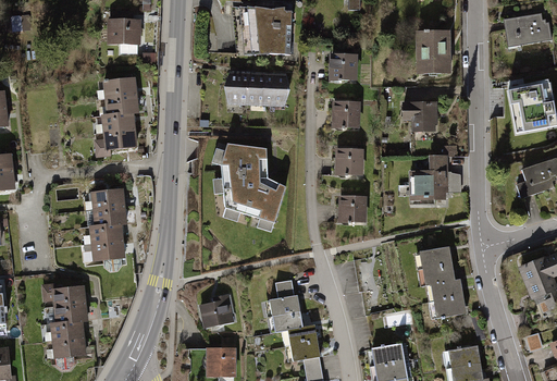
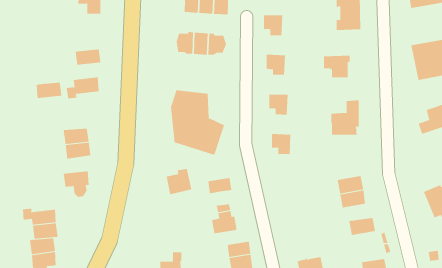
building: [103,78,135,98] -> none
building: [102,112,134,132] -> [36,82,62,99]
building: [90,223,122,244] -> none
building: [431,279,462,300] -> none
building: [200,295,232,327] -> [166,168,192,195]
building: [272,311,301,331] -> [207,177,232,194]

